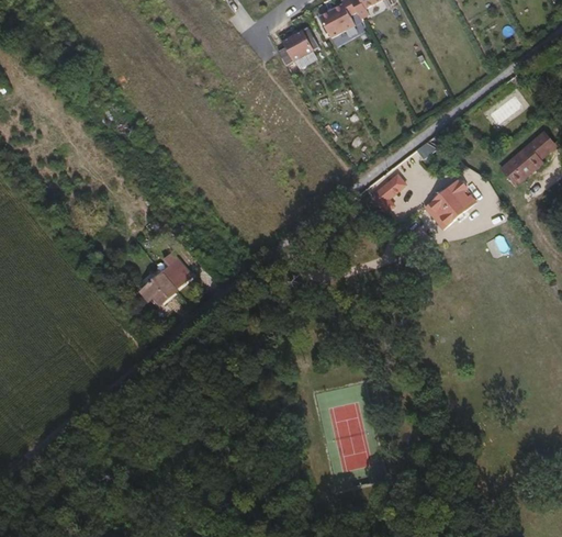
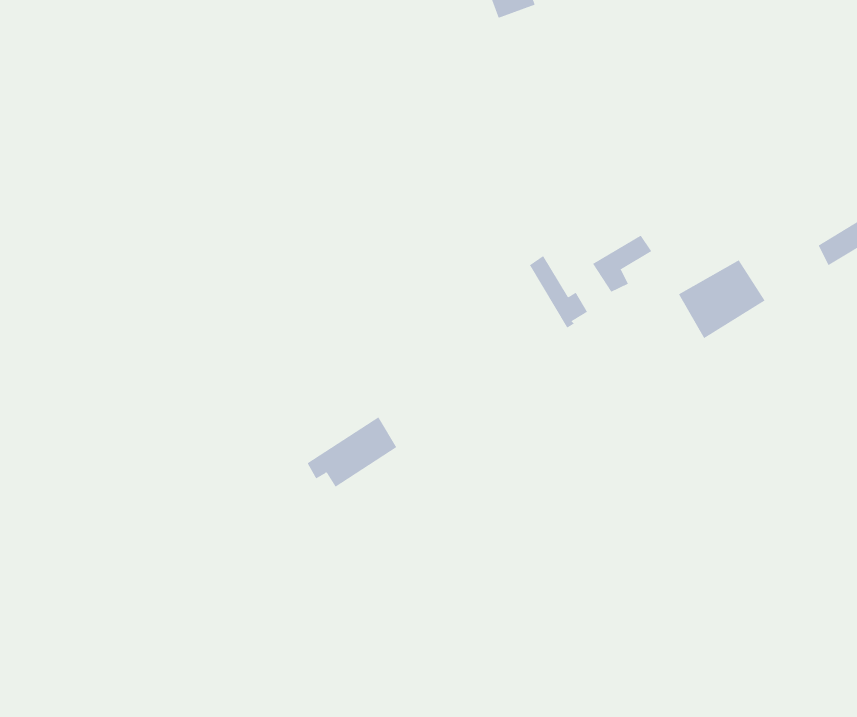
building: none -> [529,255,588,329]
building: [144,257,195,302] -> [307,417,397,488]

